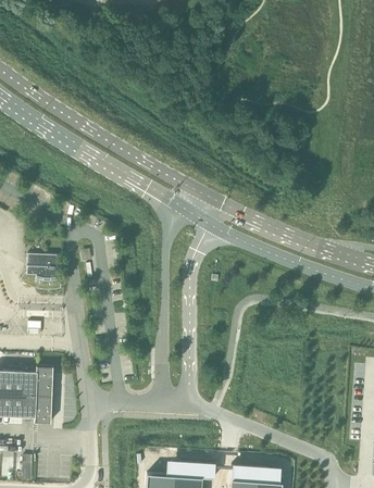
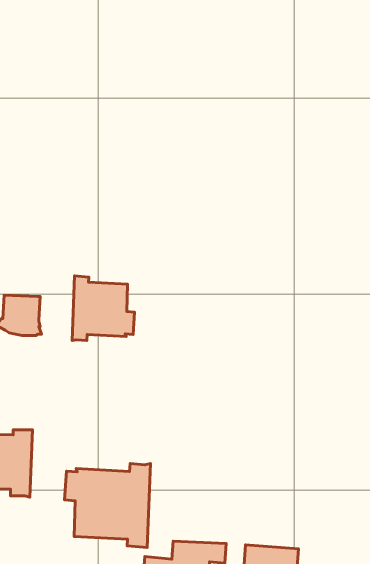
building: none -> [72,276,135,341]
building: none -> [64,464,150,547]

